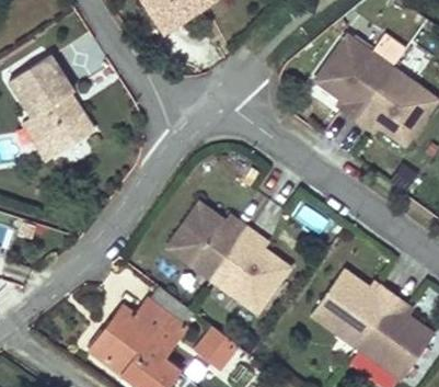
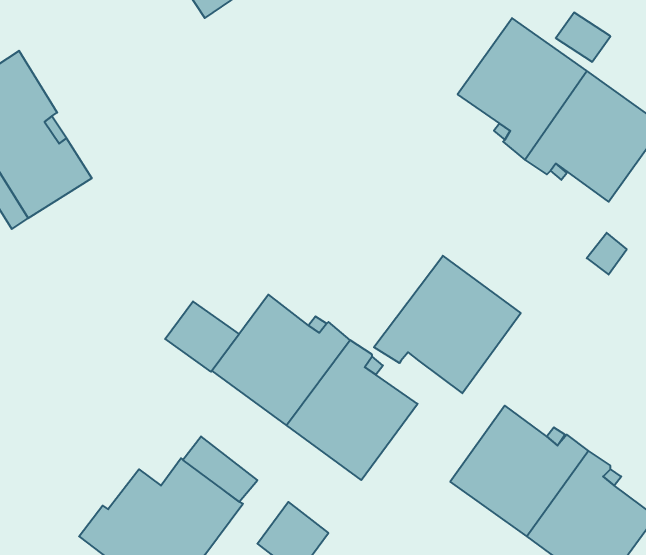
building: none -> [374,256,521,393]
building: none -> [165,301,239,372]

